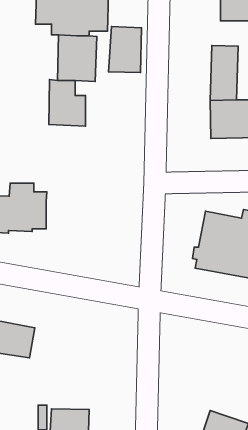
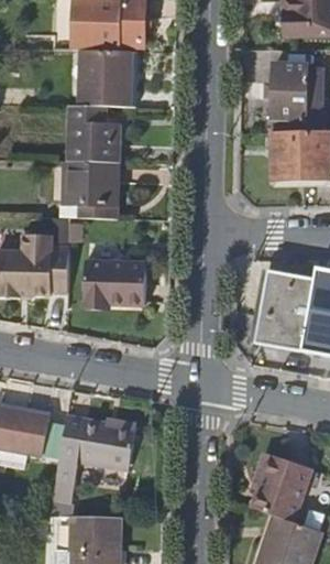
building: [109,27,141,72] -> none
building: none -> [64,160,117,217]
building: none -> [80,260,142,304]
building: none -> [55,414,136,503]
building: none -> [251,456,311,525]

